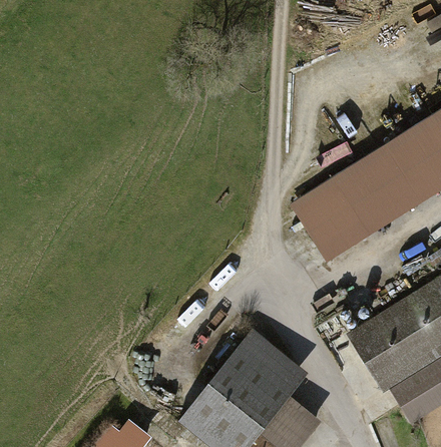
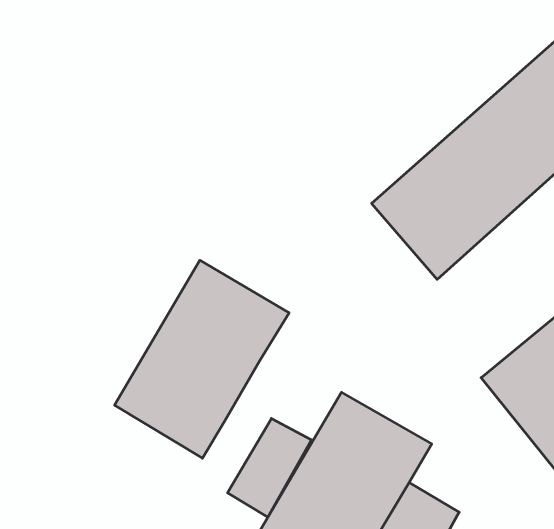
building: none -> [115,260,289,458]
building: none -> [228,418,311,517]

